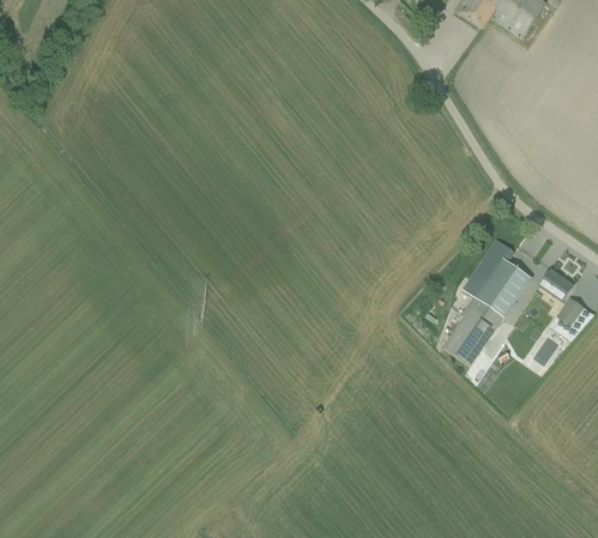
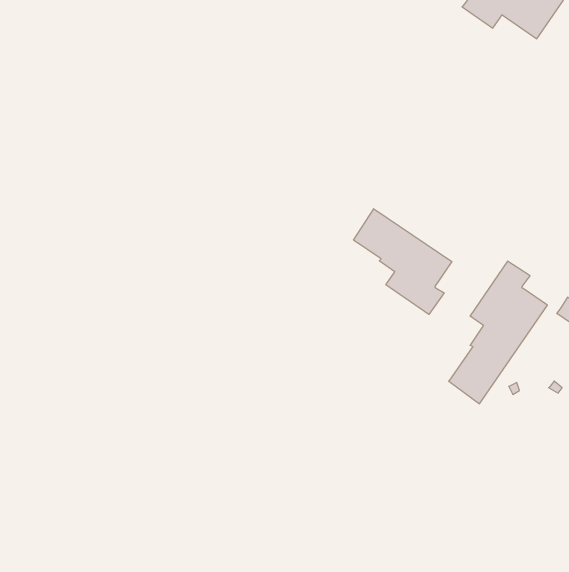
building: none -> [354,209,452,314]

